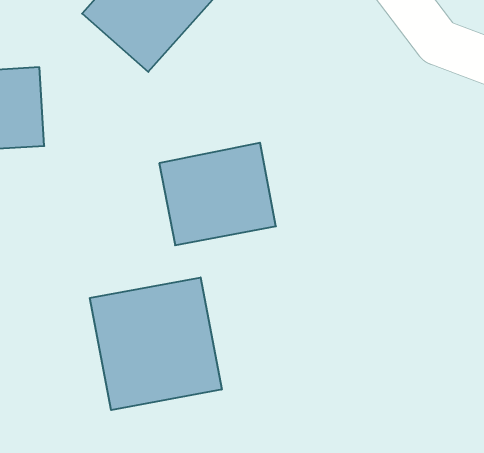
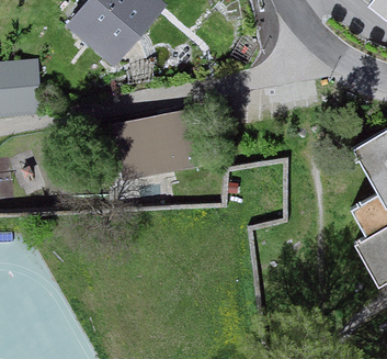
building: [90,277,222,410] -> none

